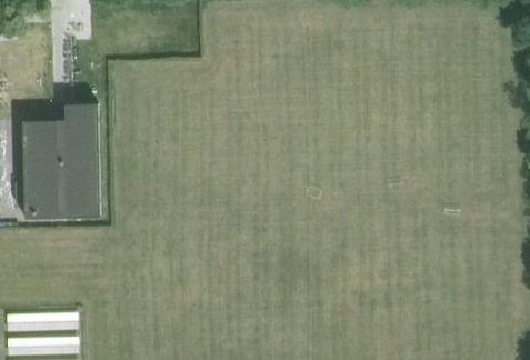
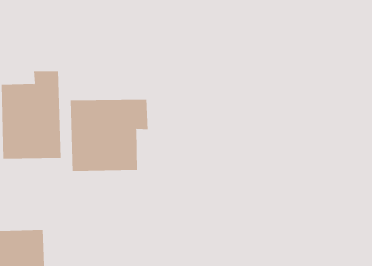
building: none -> [70,99,148,172]

